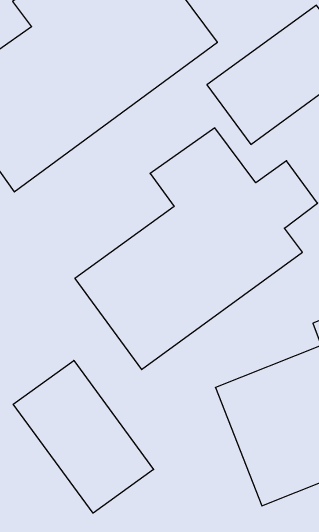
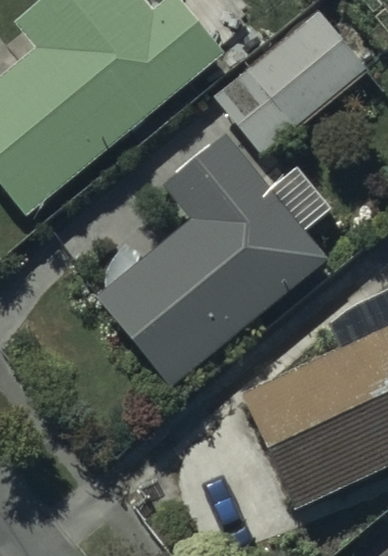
building: [13,360,154,513] -> none

